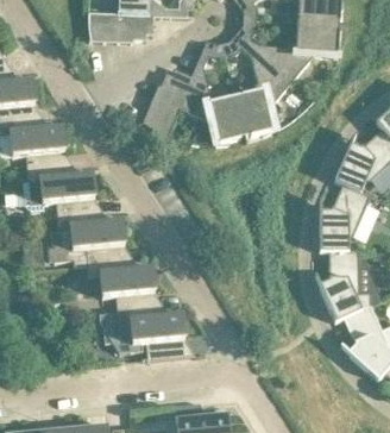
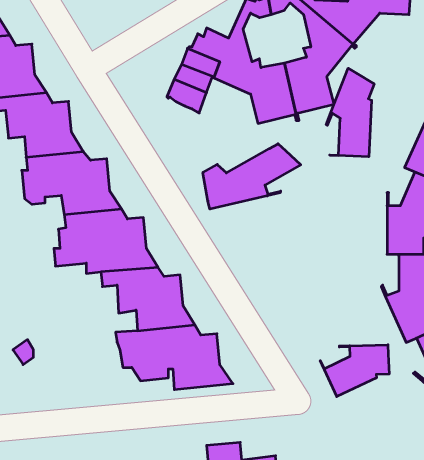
building: none -> [326,68,374,157]
building: none -> [203,144,301,209]
building: none -> [320,345,389,397]

